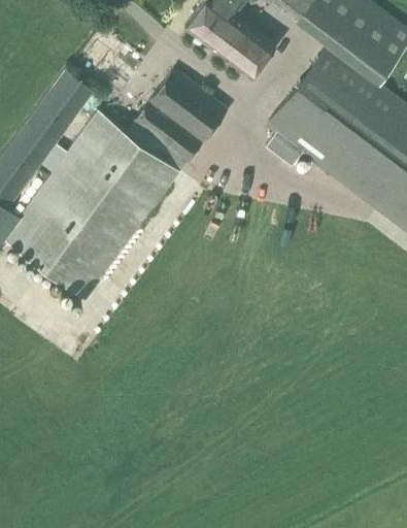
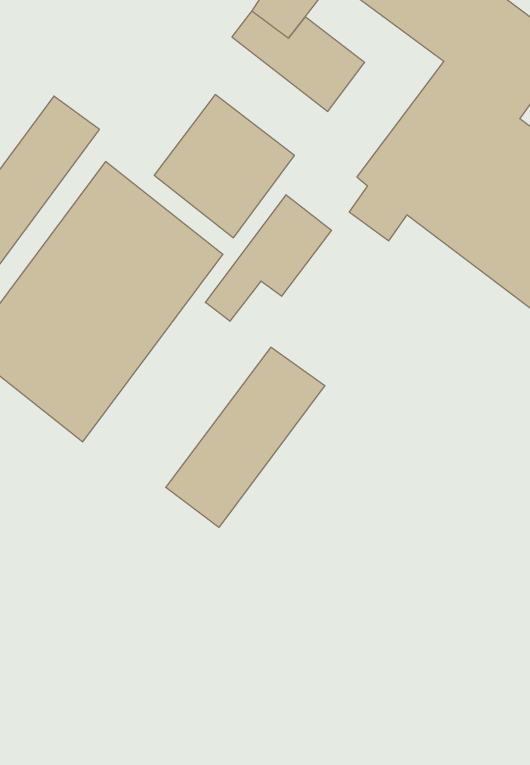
building: none -> [205,195,331,321]
building: none -> [166,347,325,527]

